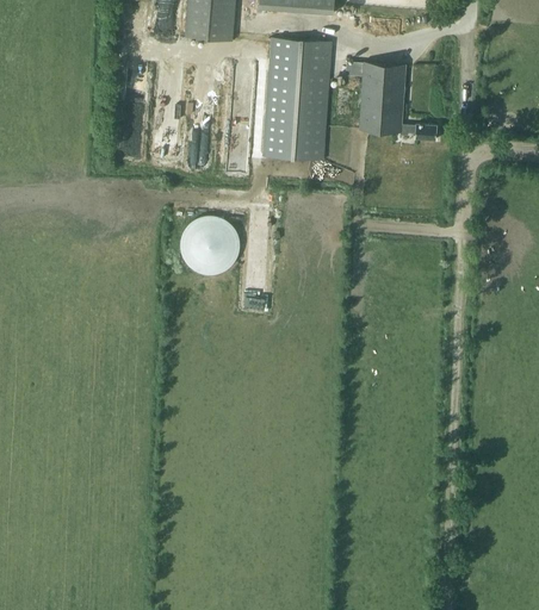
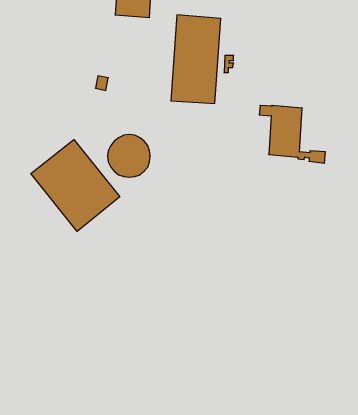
building: [346,61,438,141] -> [259,105,325,163]
building: none -> [31,140,120,231]

